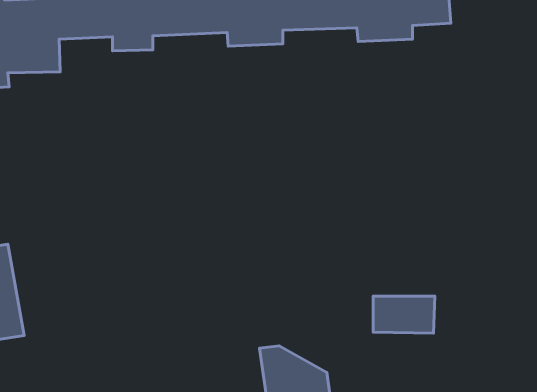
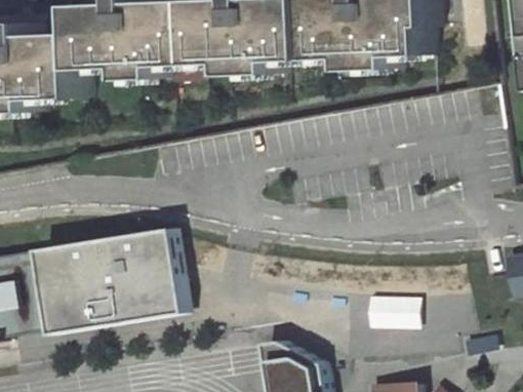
building: none -> [42,227,189,330]

